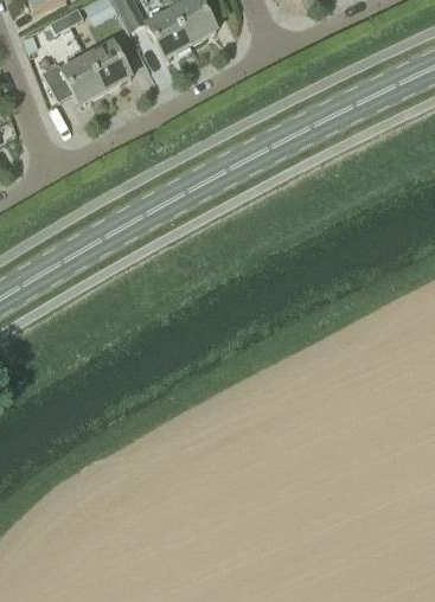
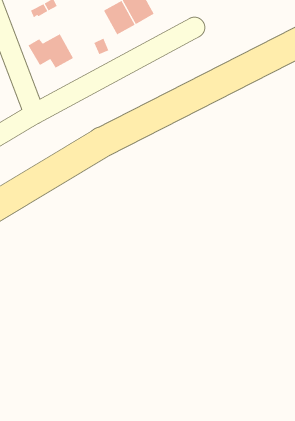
building: [87,40,132,89] -> none

